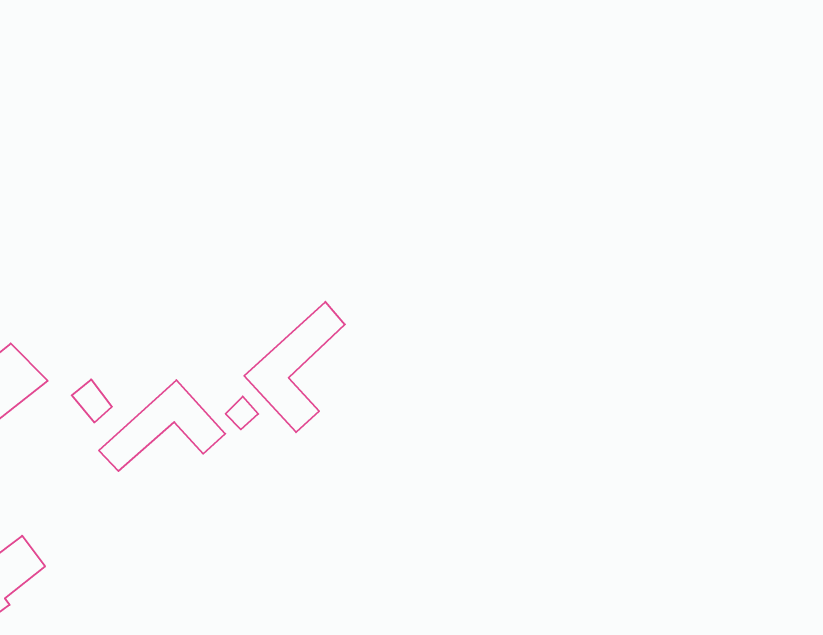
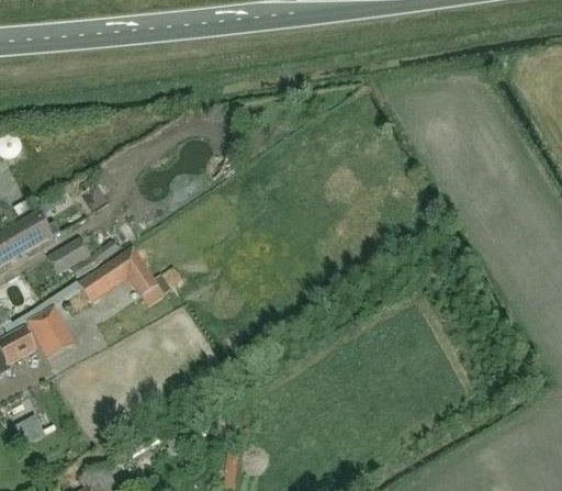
building: [244,302,345,432] -> none
building: none -> [30,311,71,357]

